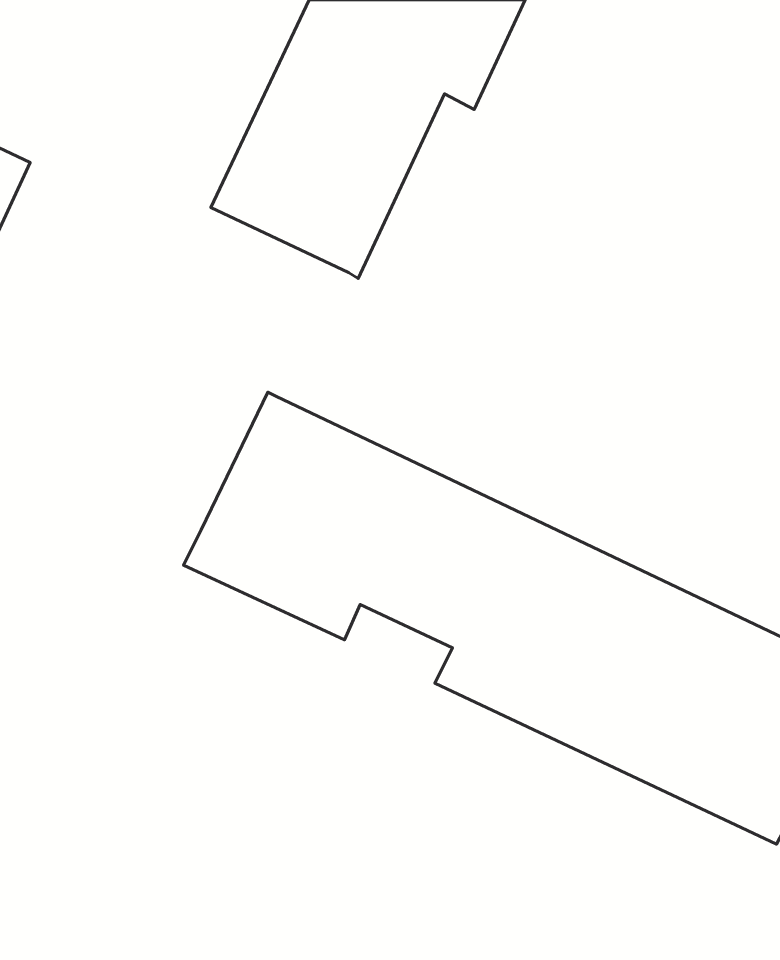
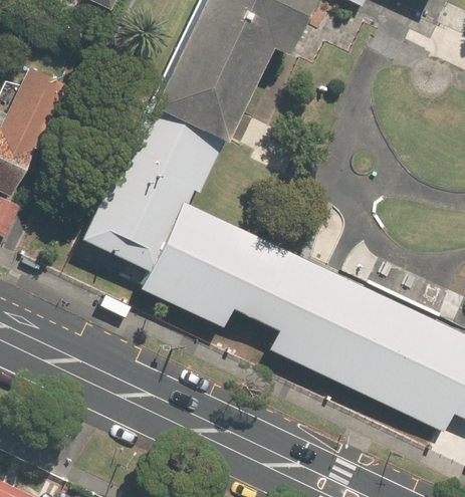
building: none -> [83,103,226,271]

